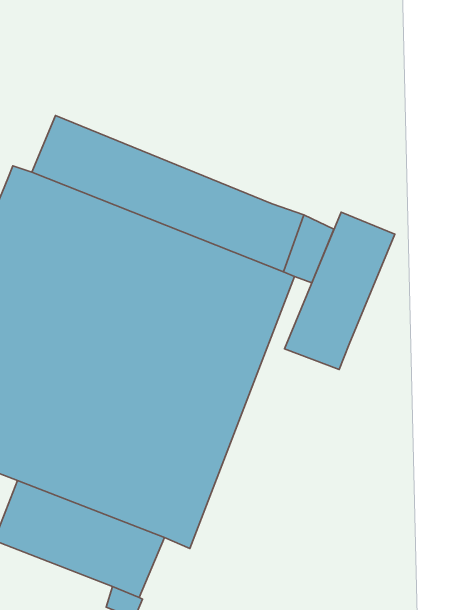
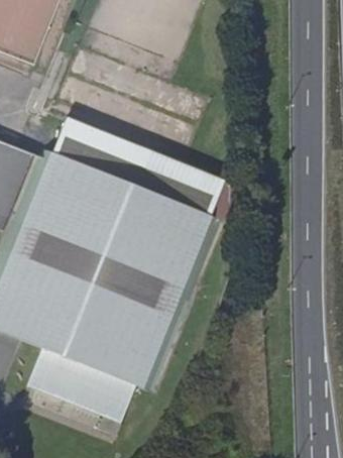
building: [284,212,395,370] -> none

